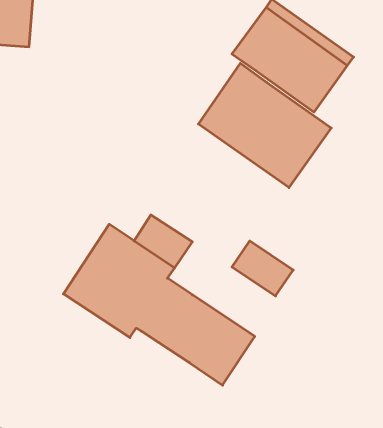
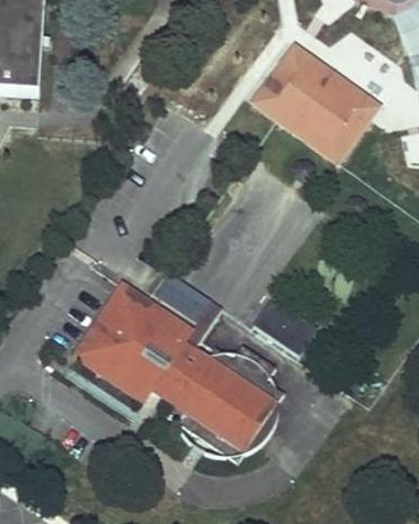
building: [198,63,331,188] -> none

